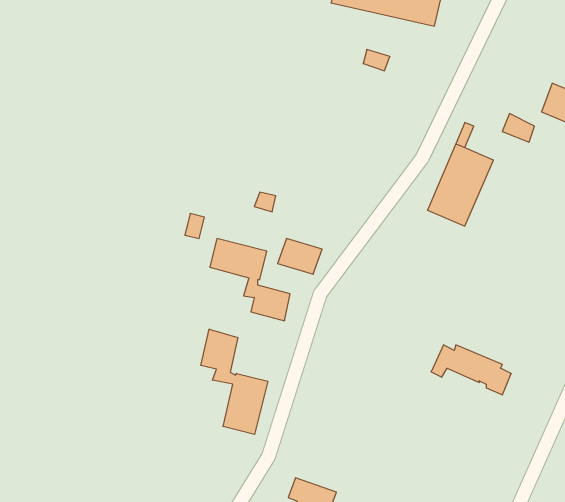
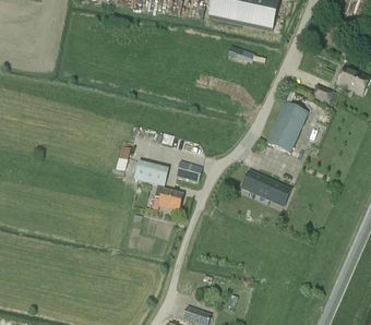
building: [201,329,268,434] -> none
building: [431,345,511,395] -> [240,173,289,204]

